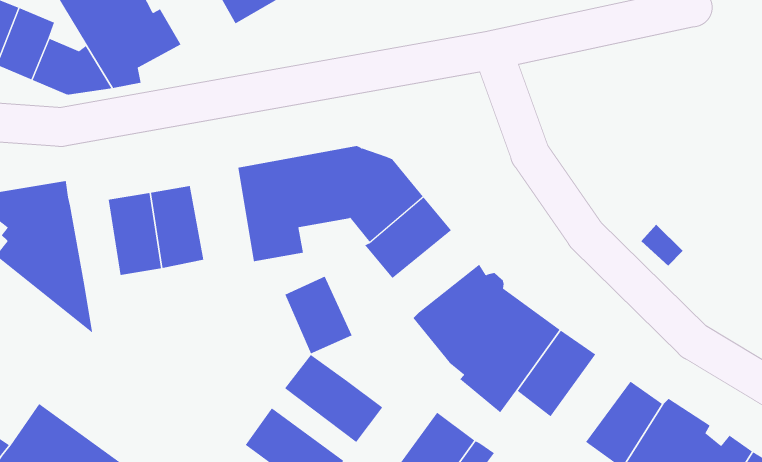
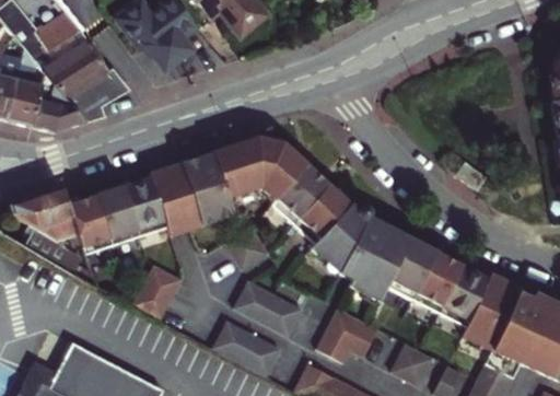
building: none -> [148,163,199,235]
building: none -> [72,197,112,254]
building: none -> [293,184,350,242]
building: none -> [130,265,180,319]
building: none -> [412,253,462,312]

